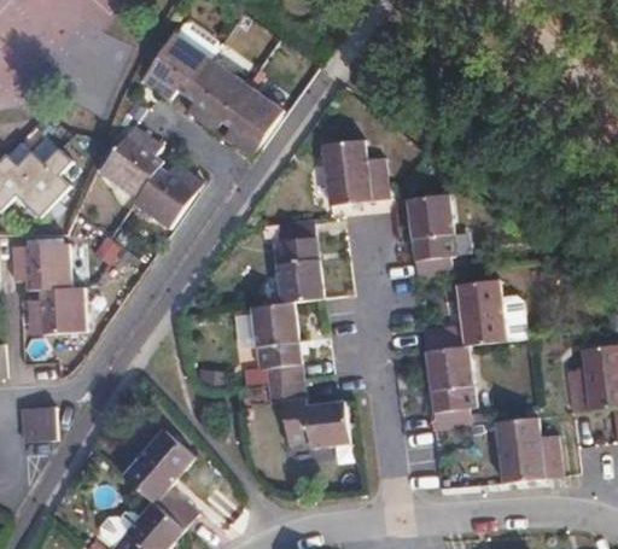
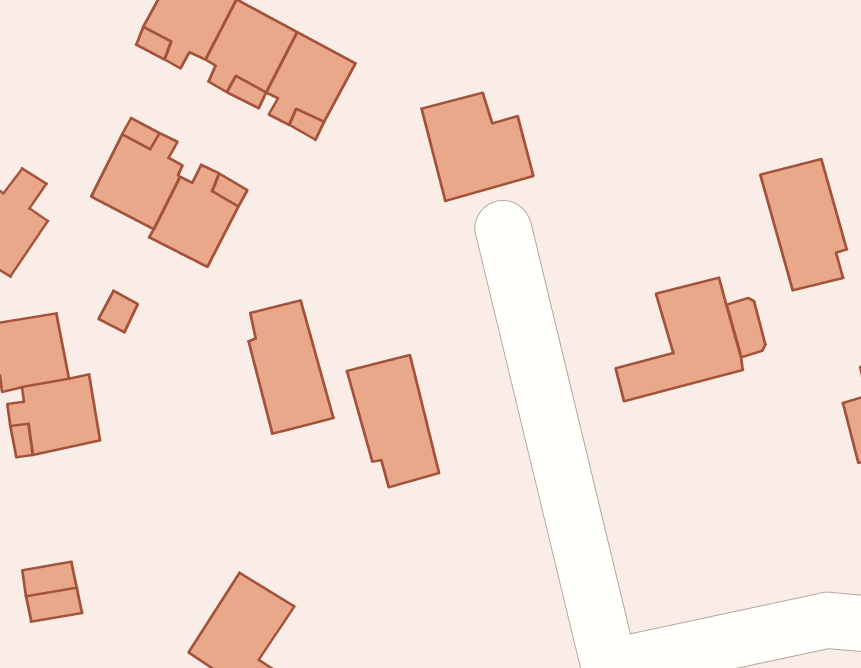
building: [407,194,456,276] -> [760,159,847,290]
building: [274,220,322,303] -> [248,301,334,434]
building: [426,345,474,428] -> none
building: [267,380,349,446] -> none
building: [495,416,560,483] -> none

